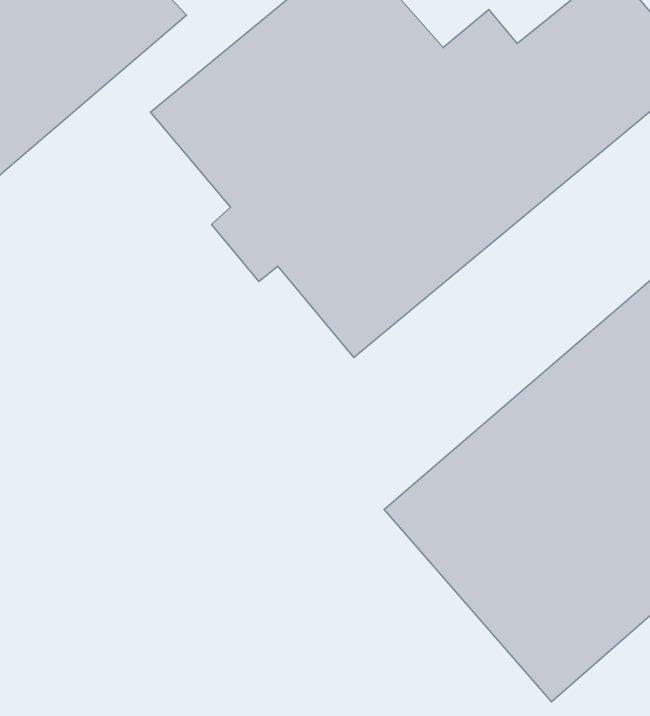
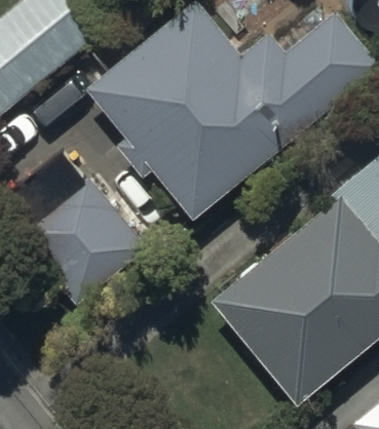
building: none -> [18,181,148,315]

